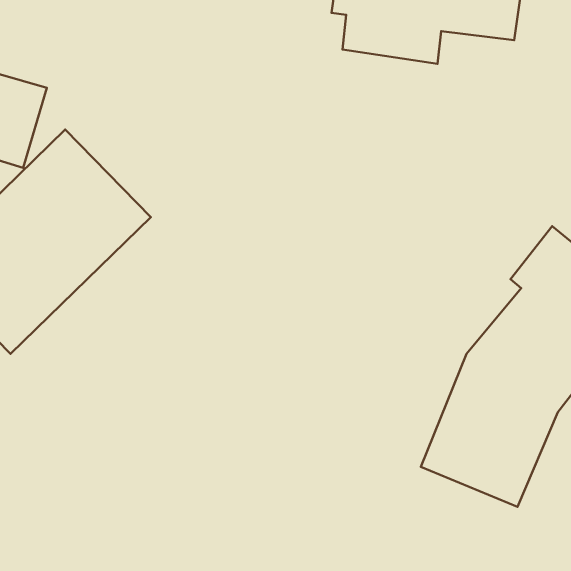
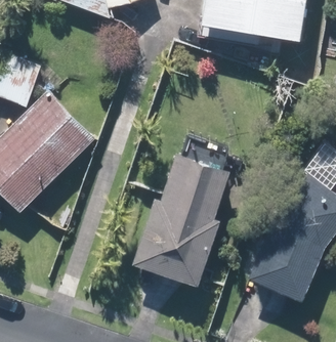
building: none -> [133,152,229,284]

